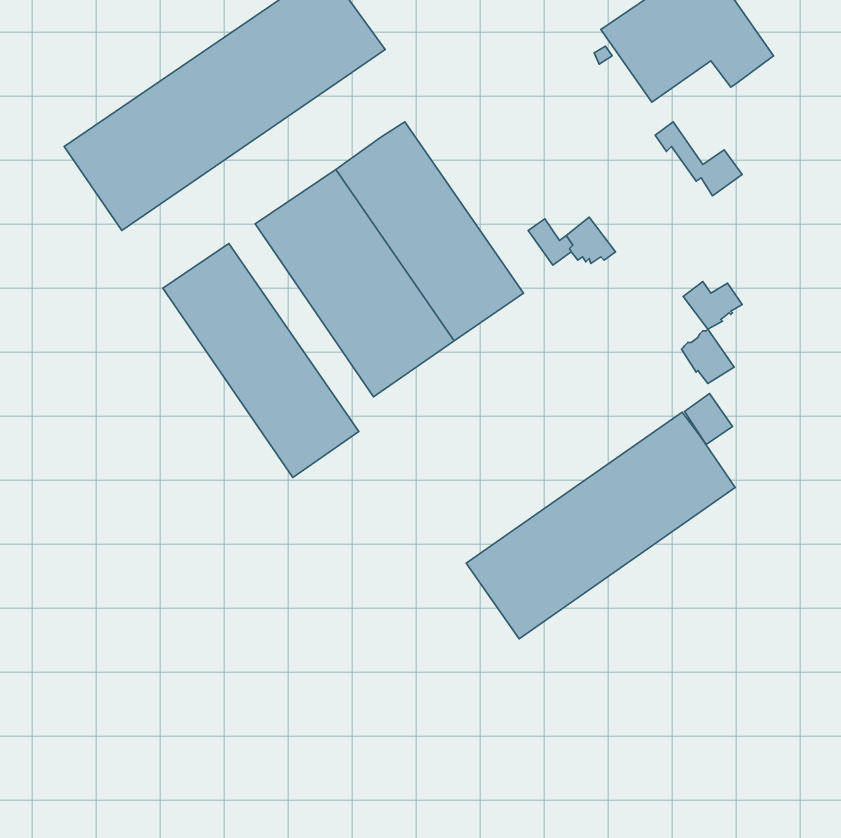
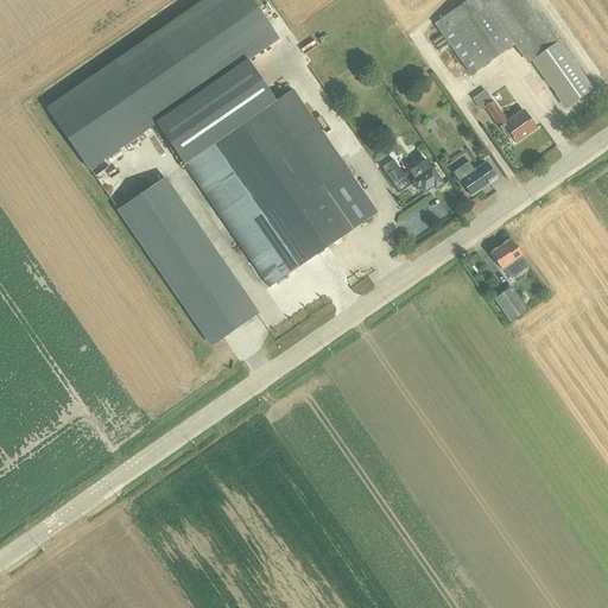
building: none -> [531,40,591,106]
building: none -> [156,57,276,162]
building: [683,282,742,329] -> [454,159,496,194]
building: [466,412,735,639] -> none

